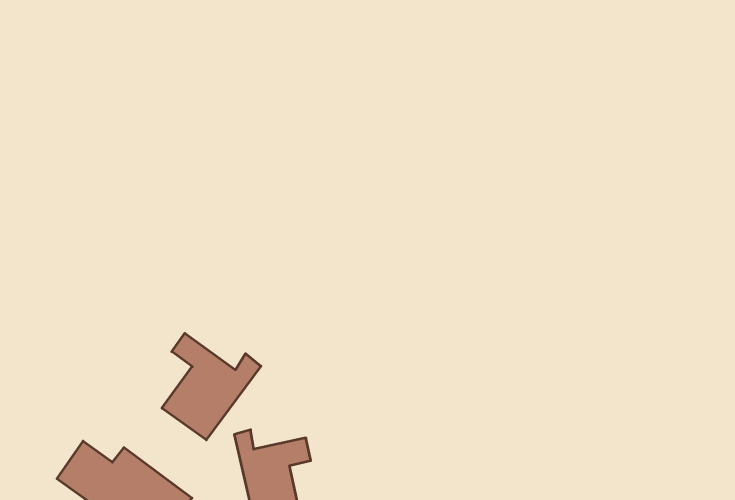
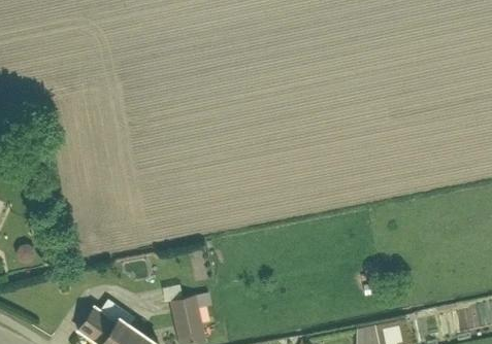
building: [162,333,261,440] -> none

